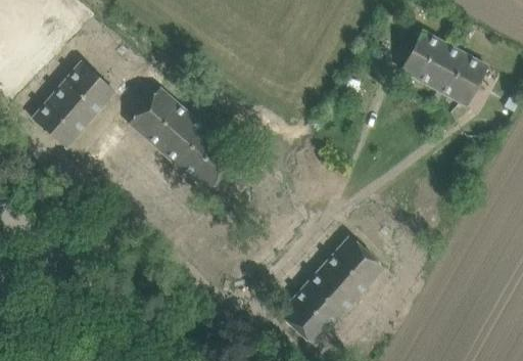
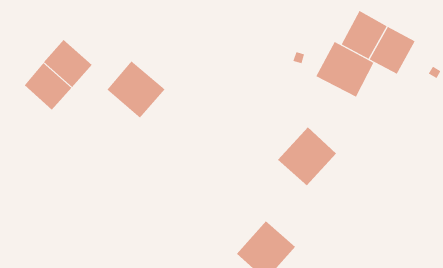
building: none -> [315,41,374,98]
building: [169,123,237,191] -> none
building: [315,236,384,306] -> [277,126,337,186]

